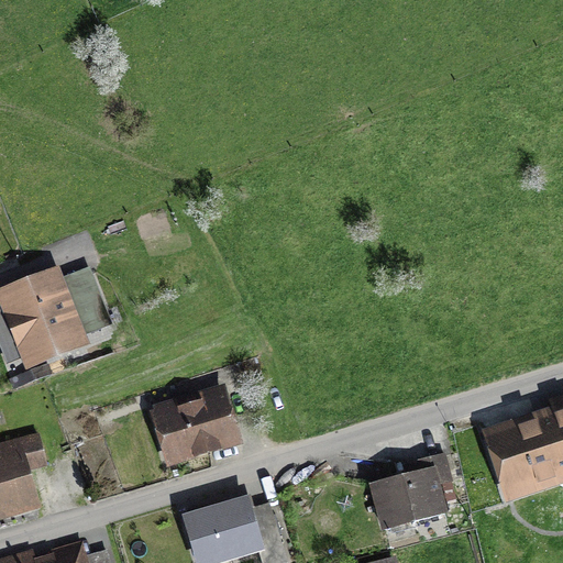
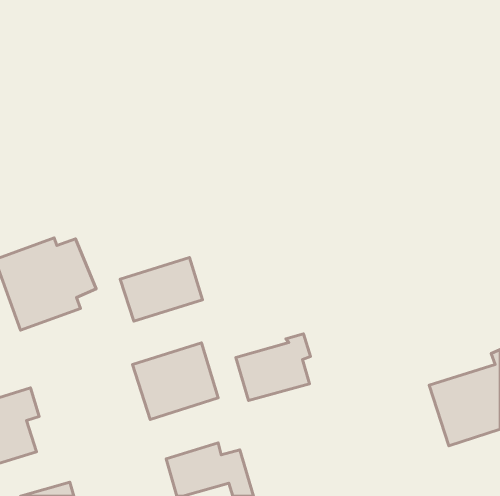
building: none -> [120,257,202,321]
building: [368,454,452,529] -> [236,334,310,401]

